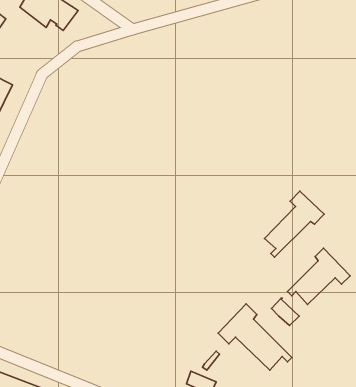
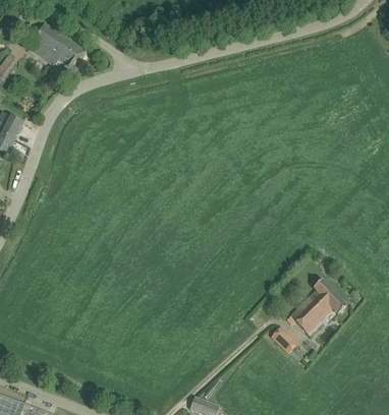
building: [264,191,324,257] -> none
building: [218,304,292,370] -> none

